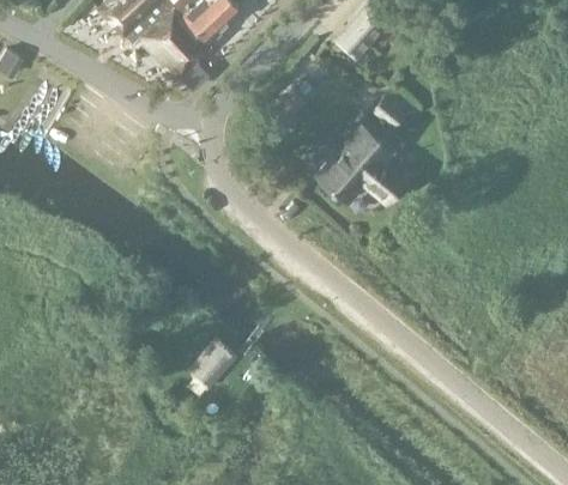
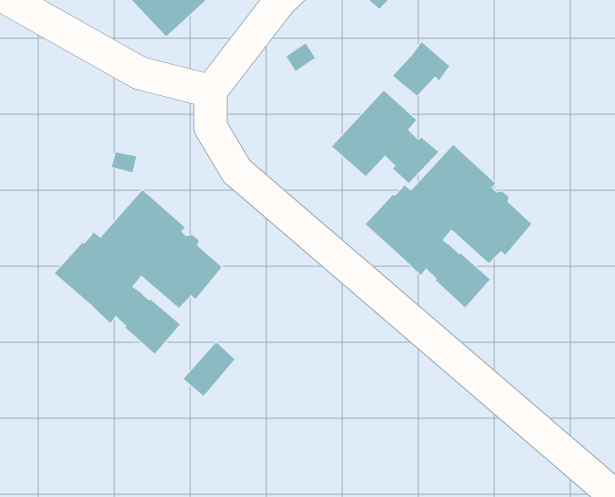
building: none -> [365,144,532,308]
building: none -> [54,189,222,355]

